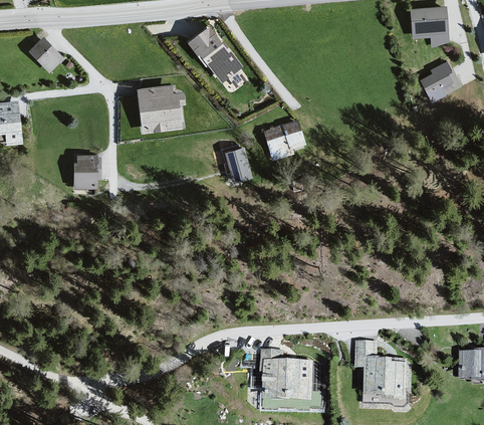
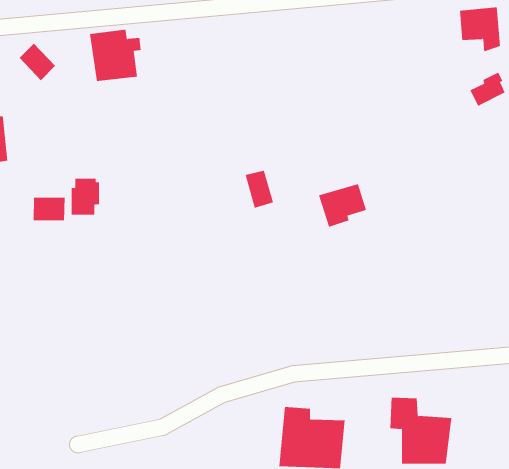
building: [190,27,241,80] -> none
building: [139,85,184,131] -> [89,29,141,81]
building: [263,121,305,159] -> [318,184,367,228]
building: none -> [33,197,65,221]

